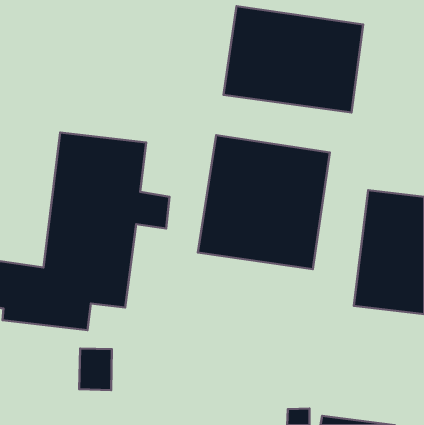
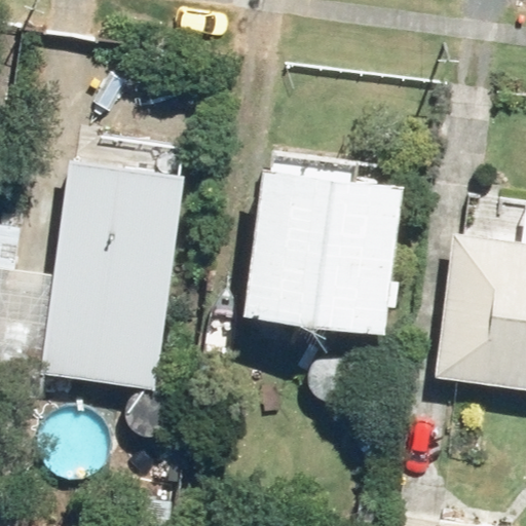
building: [224,6,363,112] -> none

